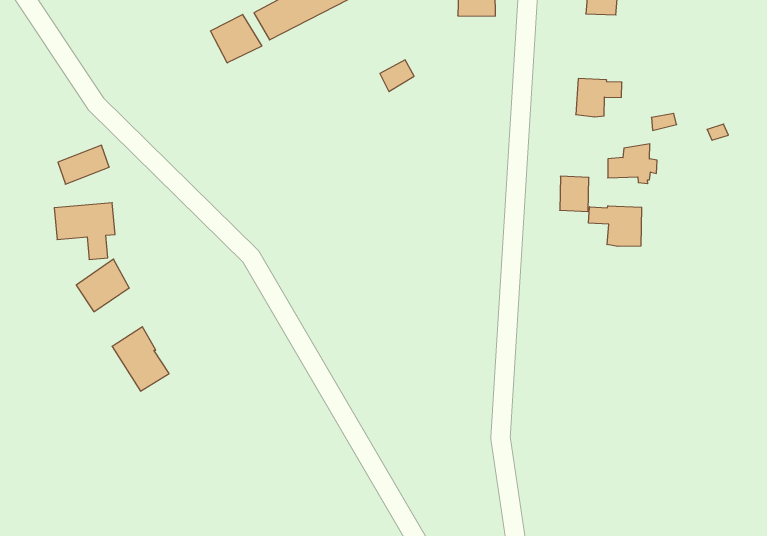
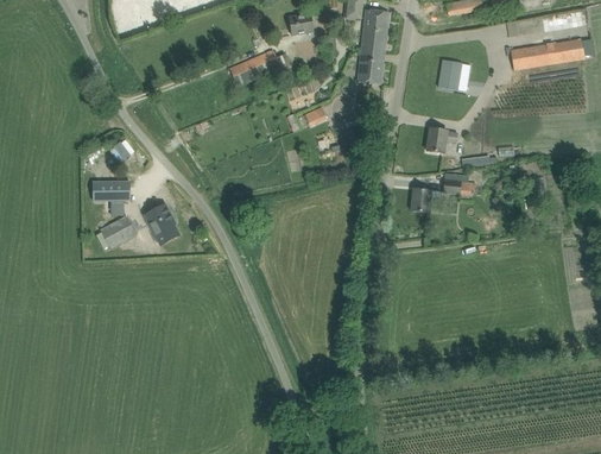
building: [210,14,262,63] -> none
building: [589,206,642,246] -> none
building: [112,327,169,391] -> [145,203,179,244]

